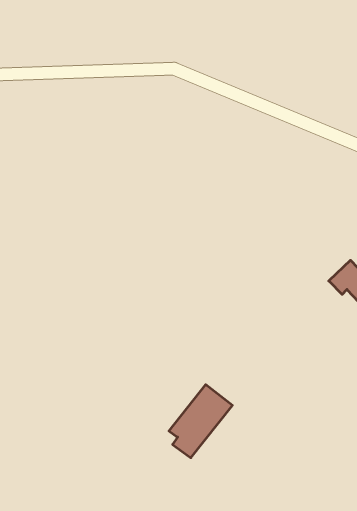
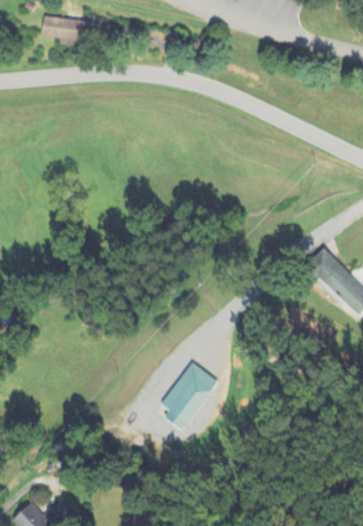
building: none -> [33,17,84,48]

